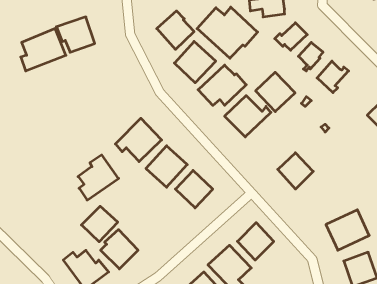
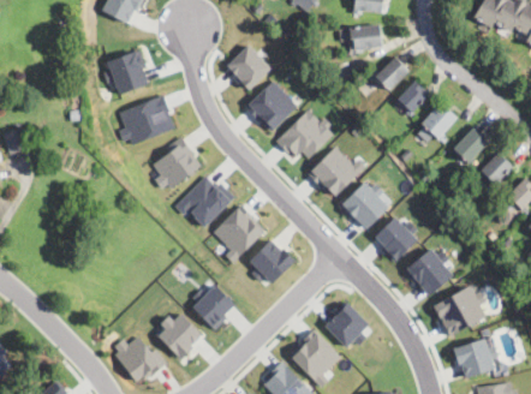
building: [197,7,258,58] -> none
building: [21,29,66,71] -> [119,95,174,147]
building: [256,72,295,112] -> [341,181,389,229]
building: none -> [454,130,488,166]
building: [78,155,119,200] -> [153,137,202,192]
building: none -> [405,249,453,297]
building: [81,206,118,242] -> [192,285,237,328]

